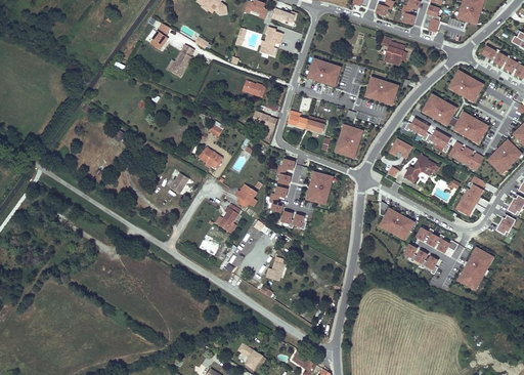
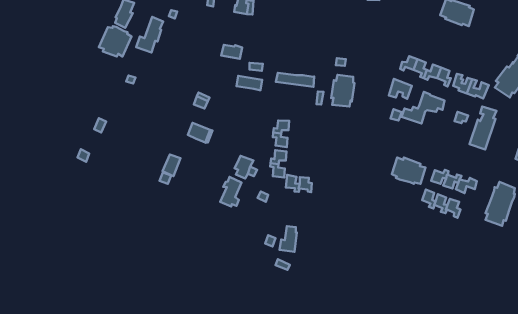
building: none -> [99,26,131,57]
building: [305,60,340,89] -> none
building: [366,79,398,103] -> none
building: [423,97,486,142] -> none
building: [308,172,332,203] -> none

